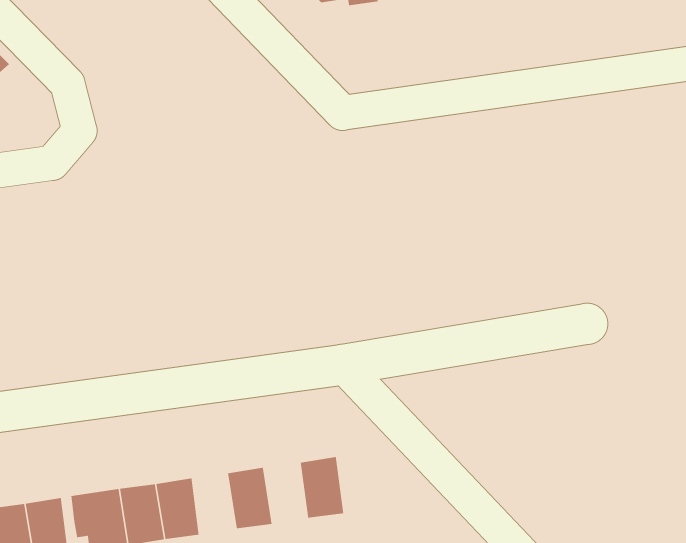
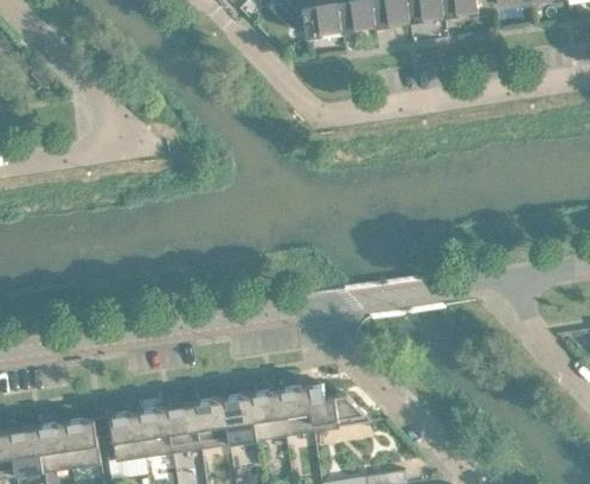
building: none -> [308,384,371,432]
building: none -> [251,391,286,440]
building: none -> [195,400,230,448]

